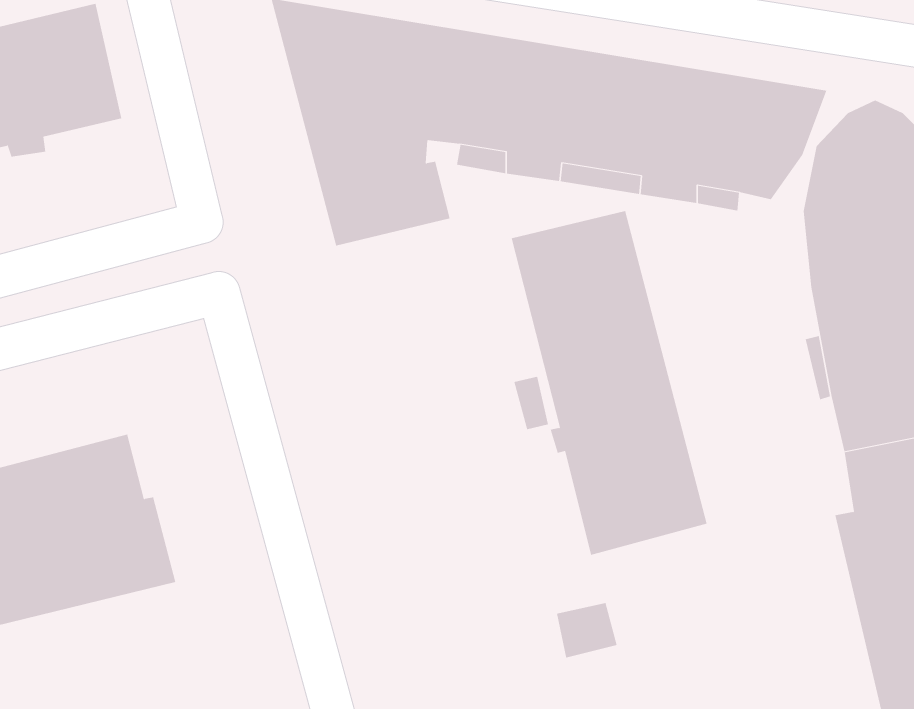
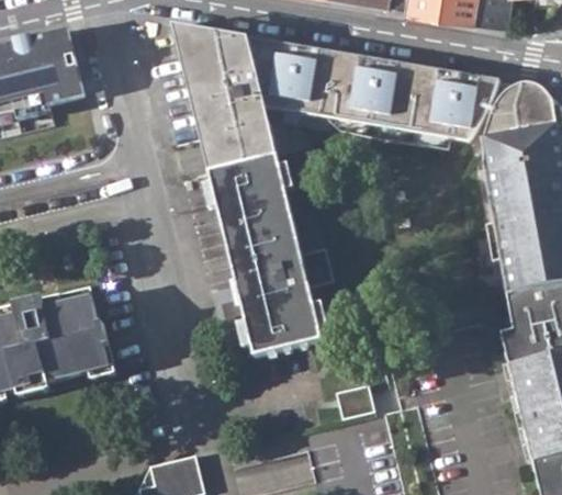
building: [511,211,707,556] -> [209,155,325,359]

